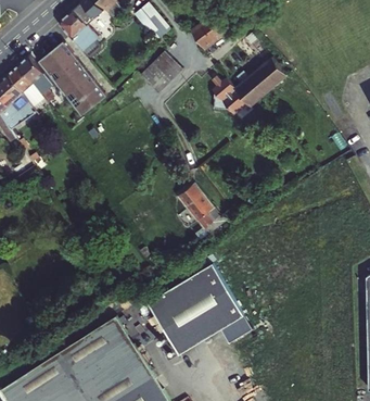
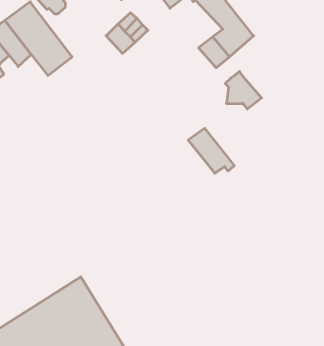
building: [212,78,247,115] -> [225,71,262,109]
building: [179,184,225,228] -> [188,128,234,173]
building: [148,264,250,356] -> none

